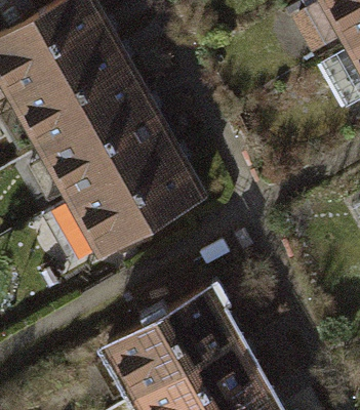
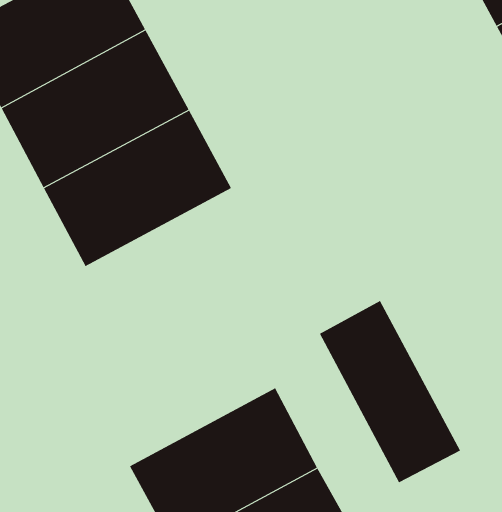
building: [68,156,196,262] -> none
building: none -> [319,300,461,483]

